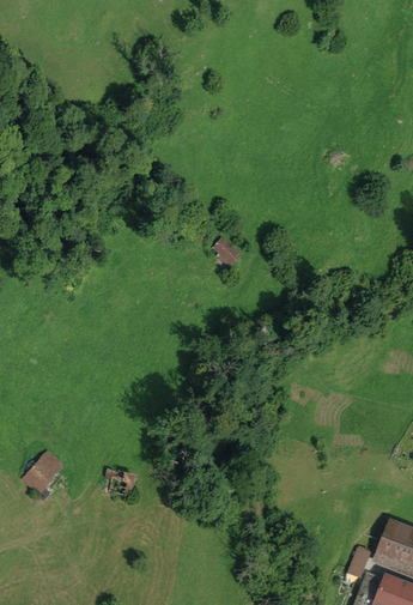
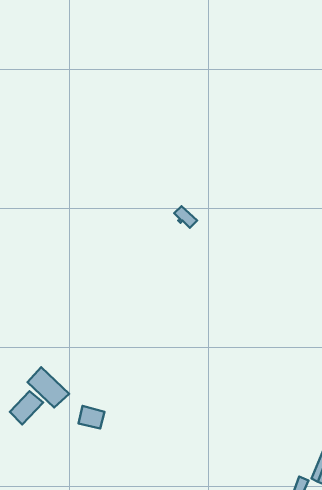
building: none -> [28,367,69,407]

